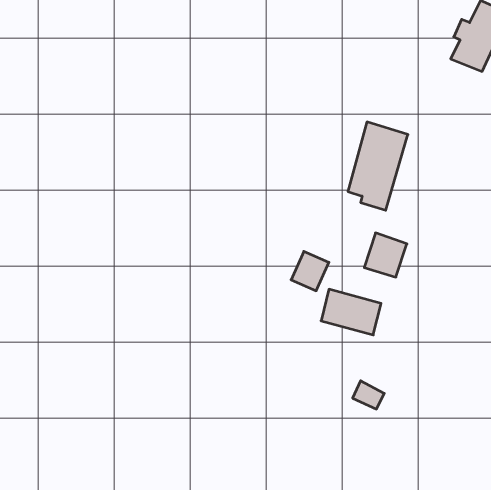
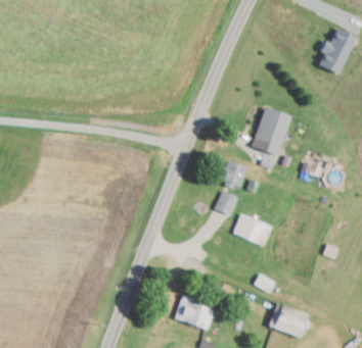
building: [364,233,407,277] -> [219,159,246,188]
building: none -> [174,295,213,330]
building: none -> [270,303,306,337]

